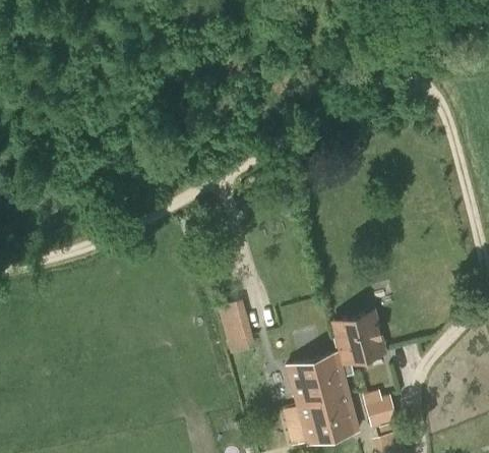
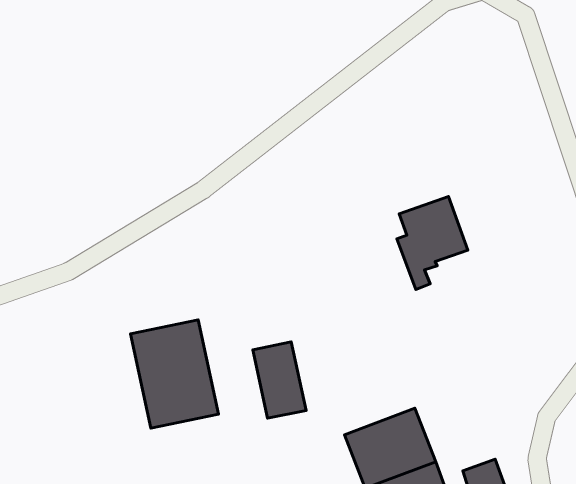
building: none -> [131,320,219,428]
building: [332,314,381,377] -> [397,196,468,290]

